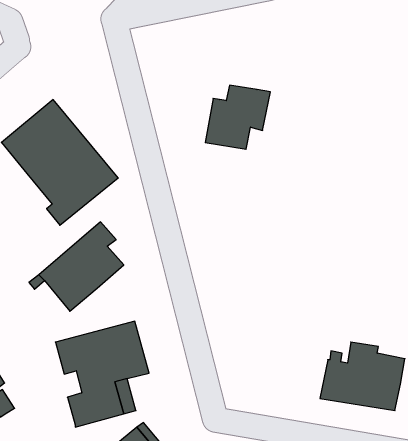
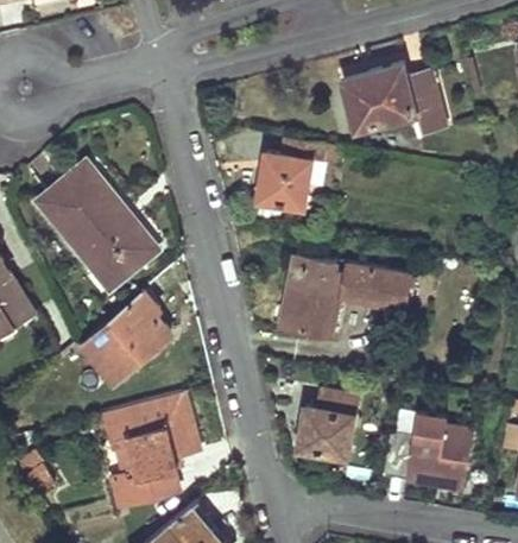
building: none -> [345,68,446,134]
building: none -> [286,255,410,336]
building: none -> [297,394,356,460]

